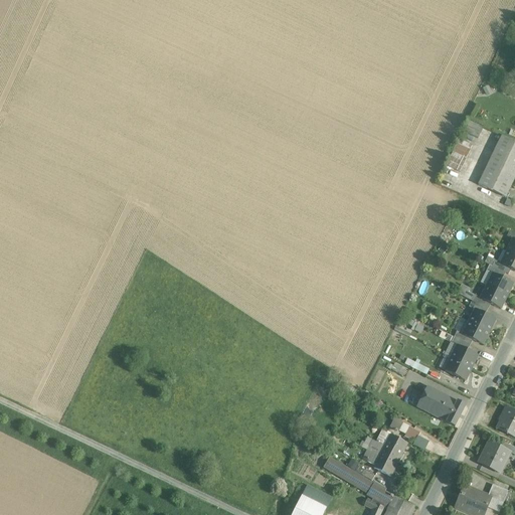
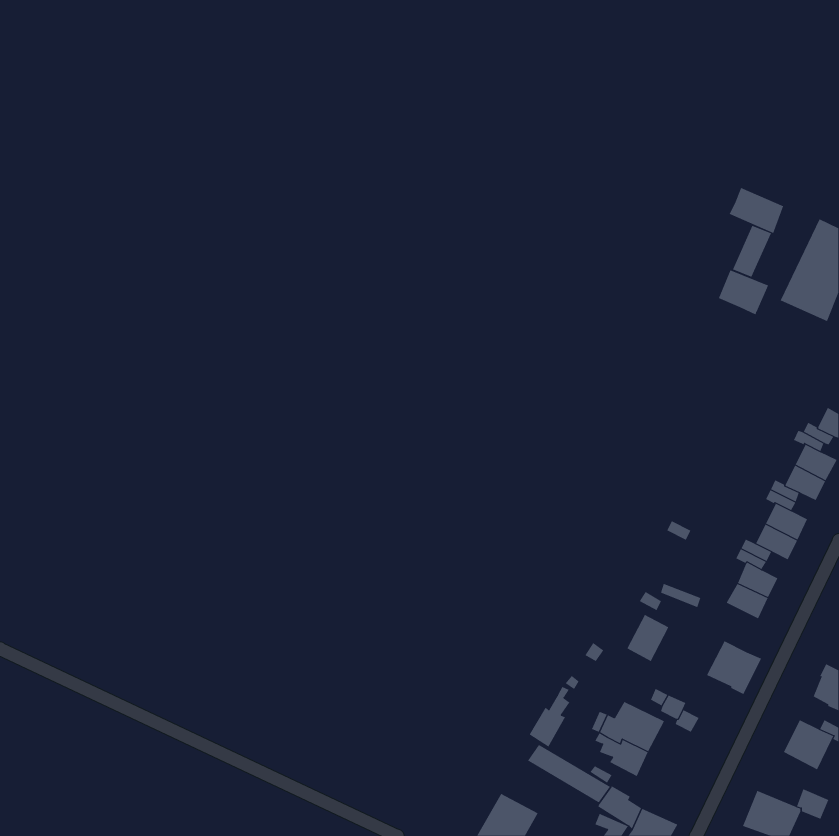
building: none -> [729,187,784,234]
building: none -> [718,269,769,315]
building: [417,384,444,413] -> [627,614,669,662]
building: none -> [529,686,570,748]

